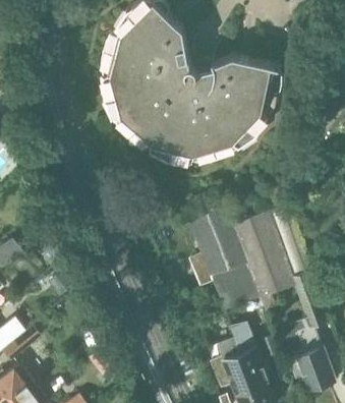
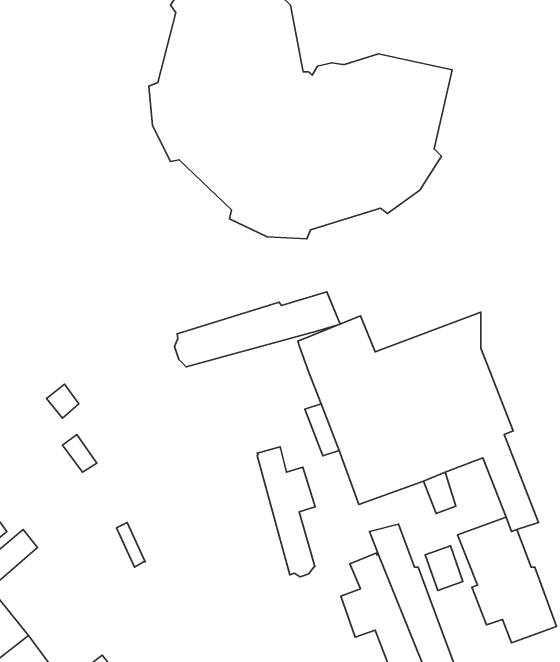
building: none -> [175,292,340,367]
building: none -> [257,447,315,577]

